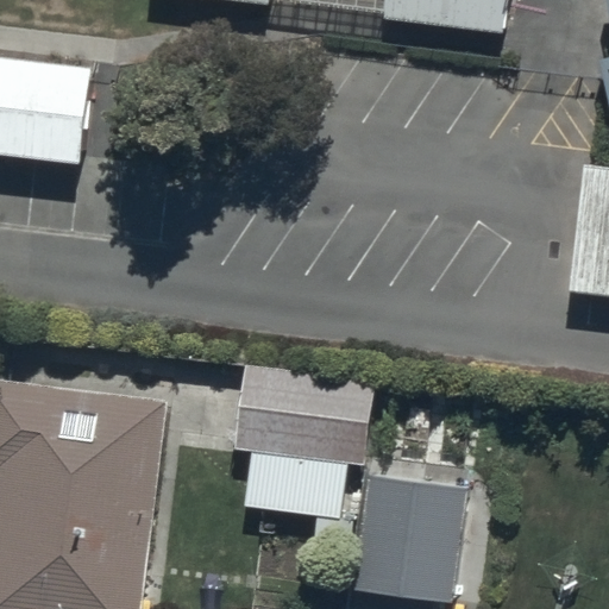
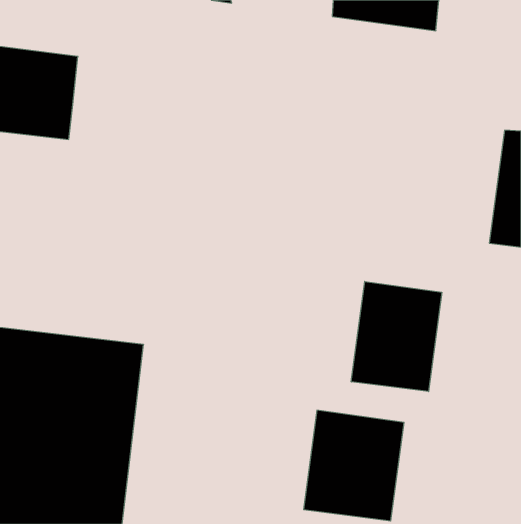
building: none -> [351,281,442,392]
building: [238,368,376,555] -> none

